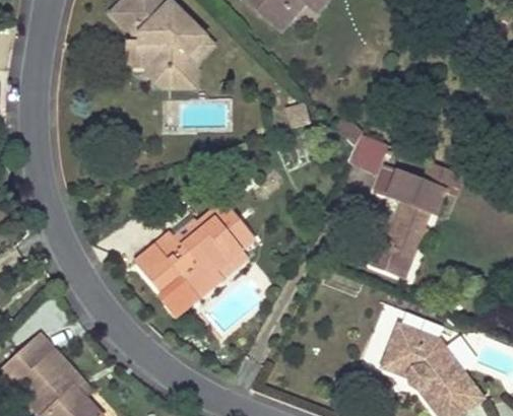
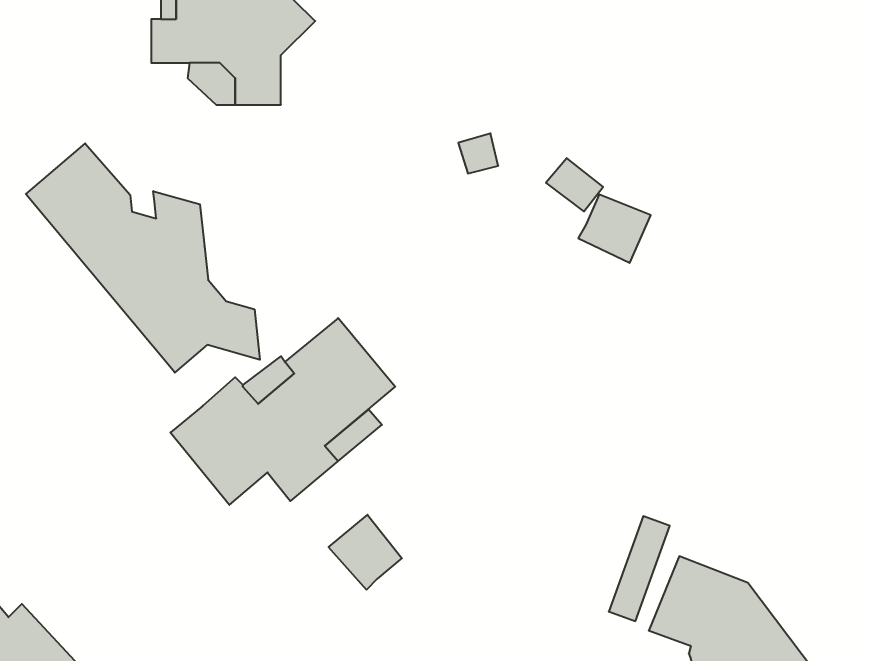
building: none -> [26,143,260,373]
building: [370,161,464,272] -> none
building: none -> [329,515,402,590]

